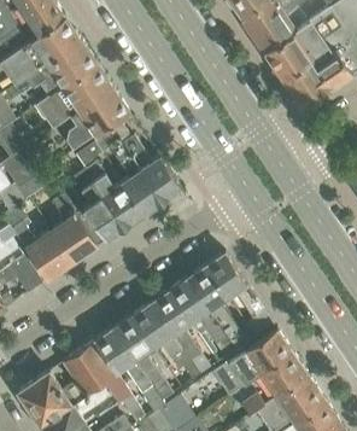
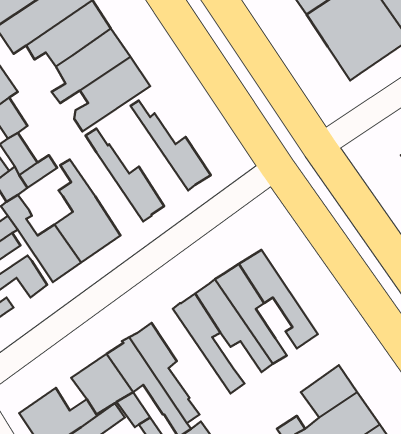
building: [105,130,163,216] -> none
building: [74,170,124,241] -> none
building: [131,304,199,380] -> none
building: [213,330,292,396] -> none

